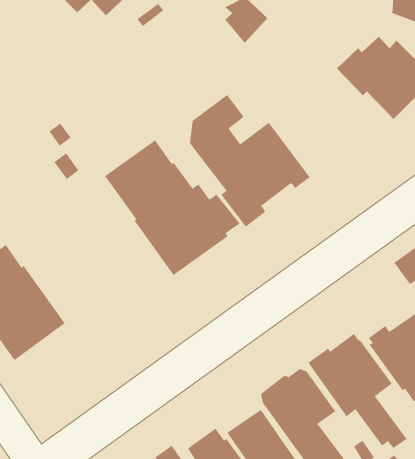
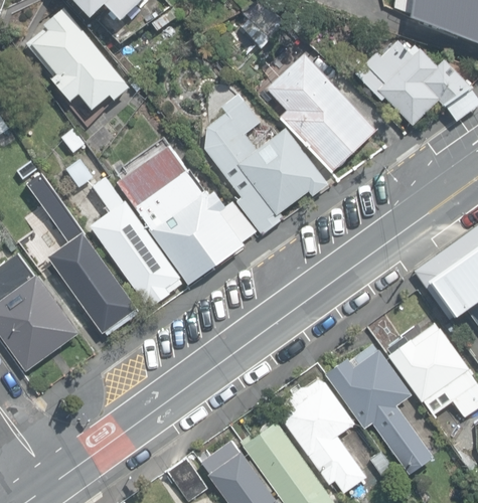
building: none -> [27,8,128,113]
building: none -> [267,53,376,173]
building: none -> [27,173,140,335]
building: none -> [90,177,182,306]

